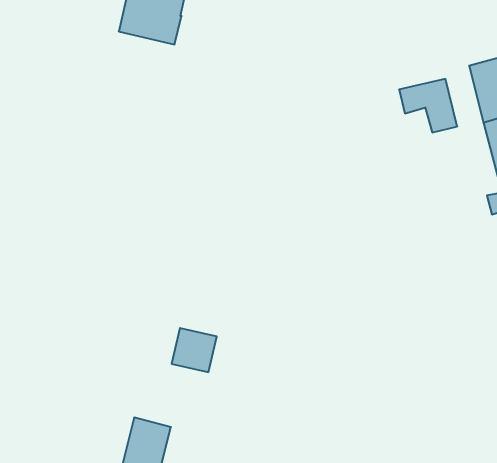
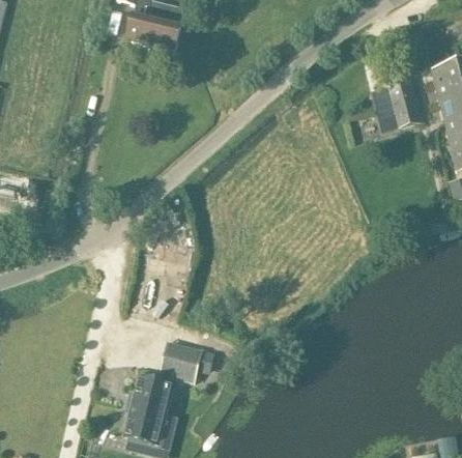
building: [172,328,217,372] -> [161,342,200,380]

